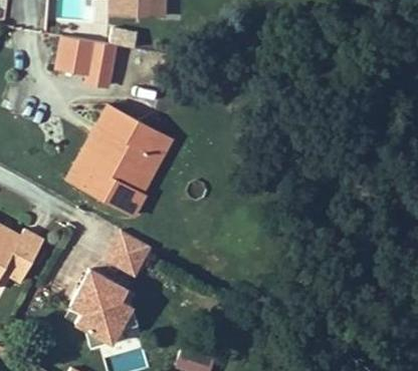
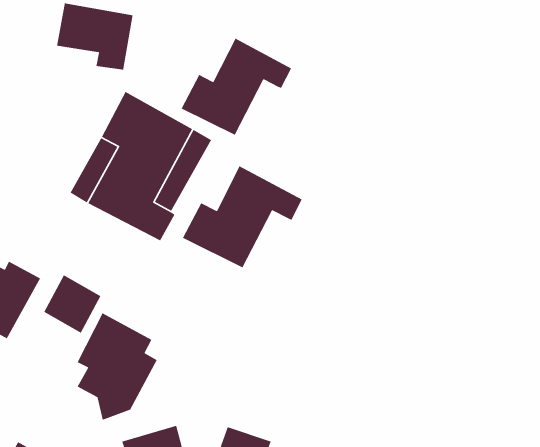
building: none -> [180,37,292,136]
building: none -> [182,165,303,269]
building: [107,233,150,277] -> [43,274,102,334]

